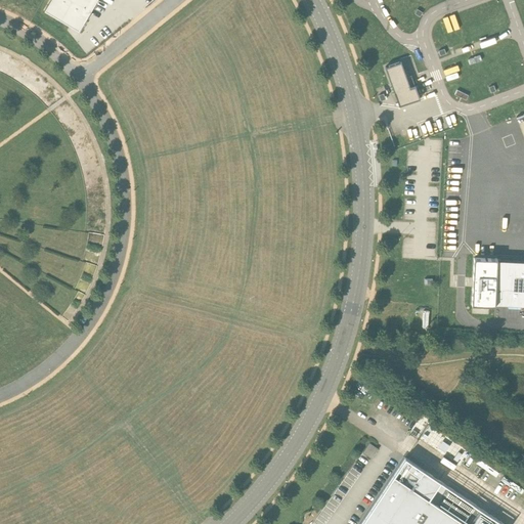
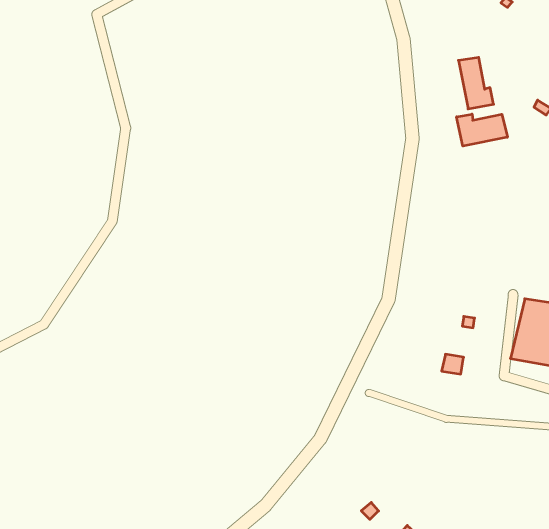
building: none -> [457,114,507,146]

